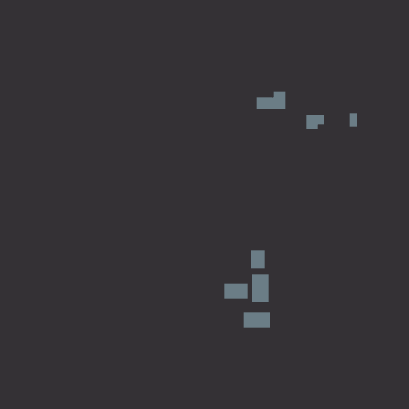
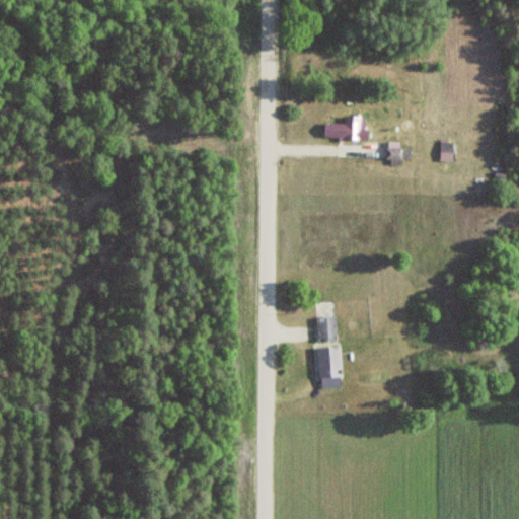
building: [224,283,248,299] -> none
building: [243,312,271,328] -> none

